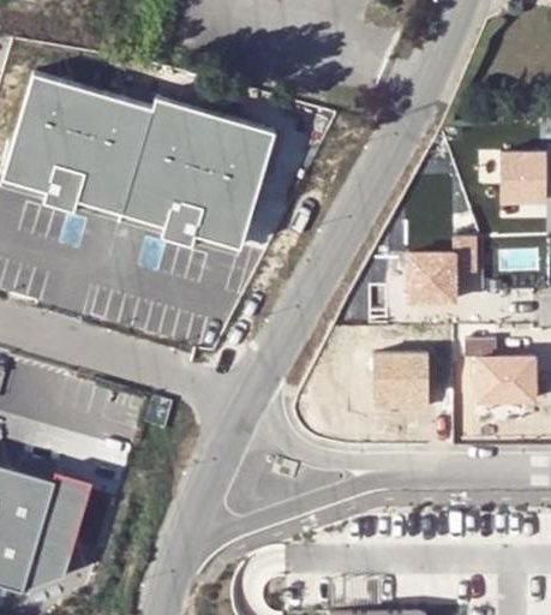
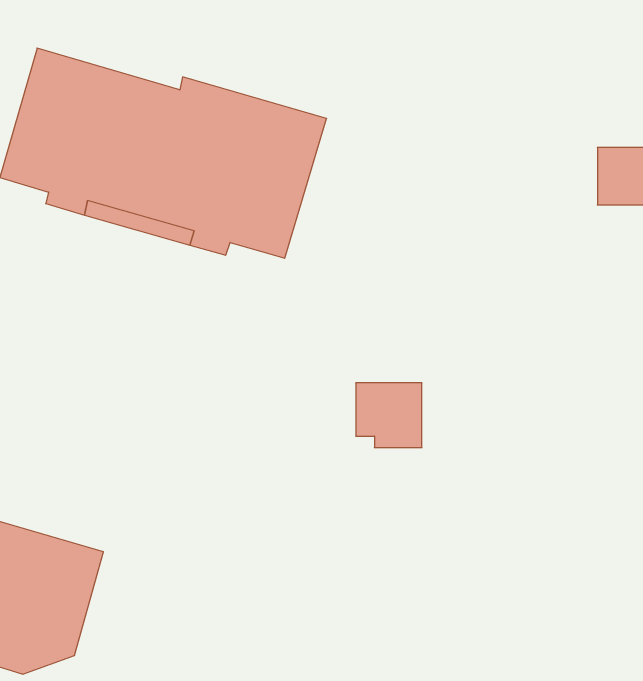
building: [408,238,475,301] -> none
building: [465,340,534,401] -> none
building: [373,354,429,408] -> [356,383,422,448]

